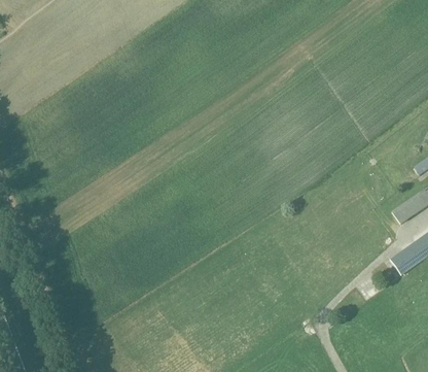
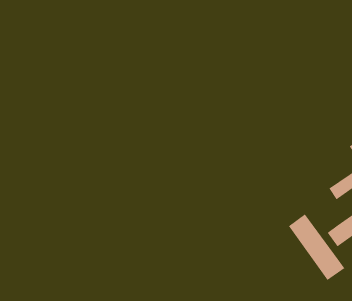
building: none -> [288,213,345,281]

